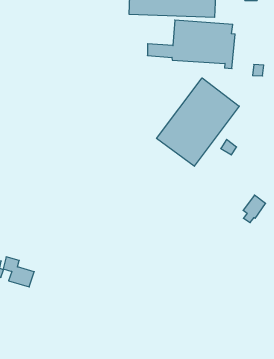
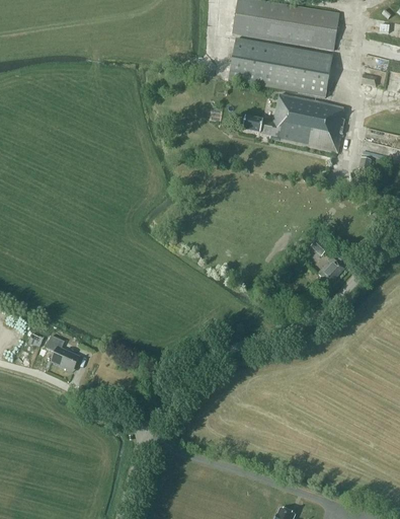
building: [157,78,239,166] -> none
building: [243,195,266,223] -> [316,256,343,287]

